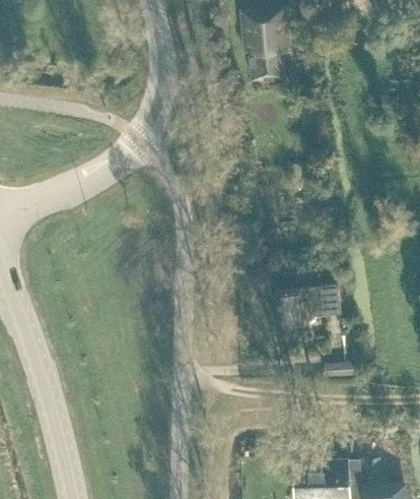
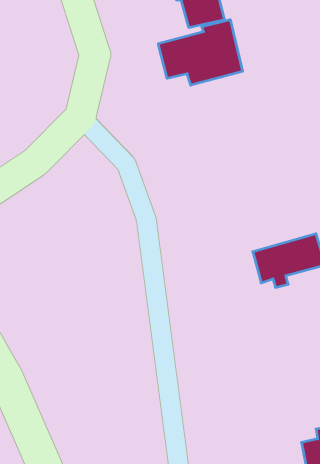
building: none -> [158,20,243,85]

